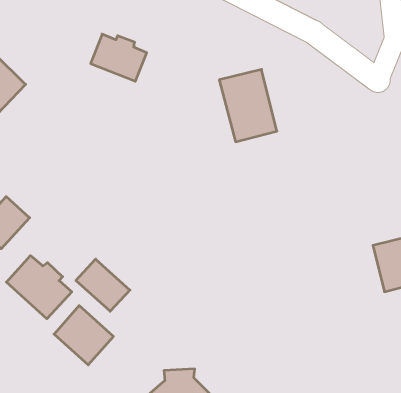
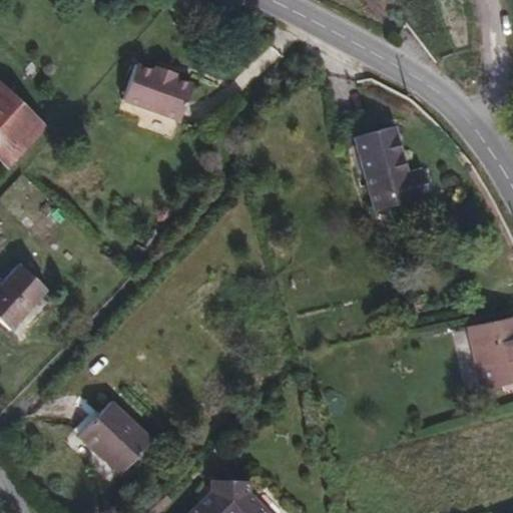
building: [219,69,277,142] -> [352,121,423,210]
building: [6,256,72,319] -> none
building: [76,259,130,311] -> none

